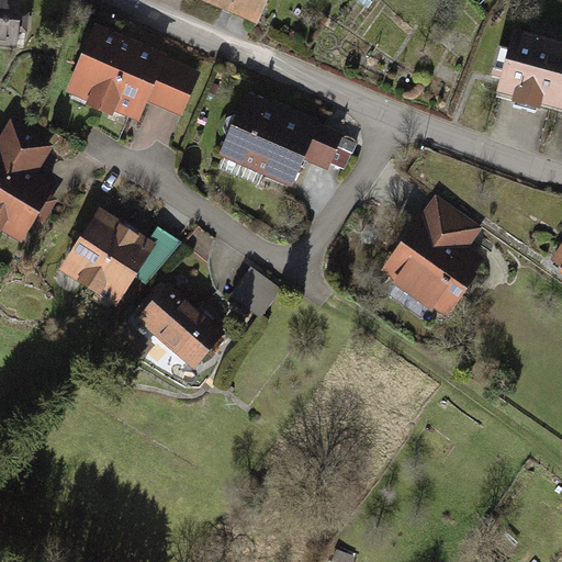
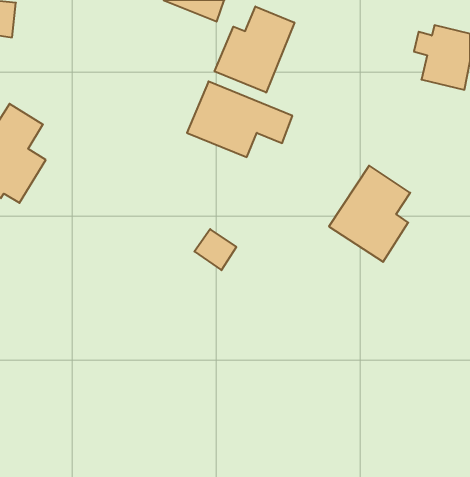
building: none -> [215,6,294,93]
building: [64,26,189,120] -> none
building: [67,211,157,297] -> none
building: [136,283,229,371] -> none

